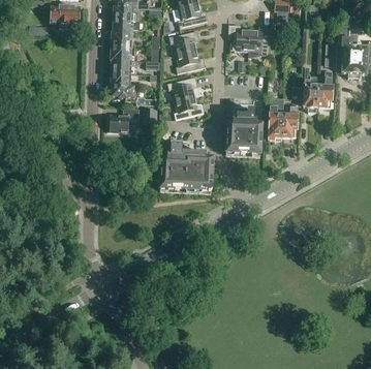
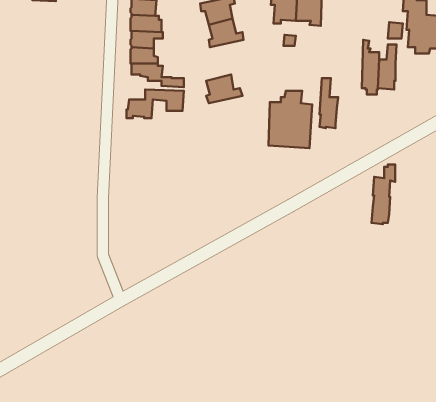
building: [166,76,196,101] -> none
building: [281,89,301,139] -> [372,164,395,224]
building: [155,145,212,193] -> none

